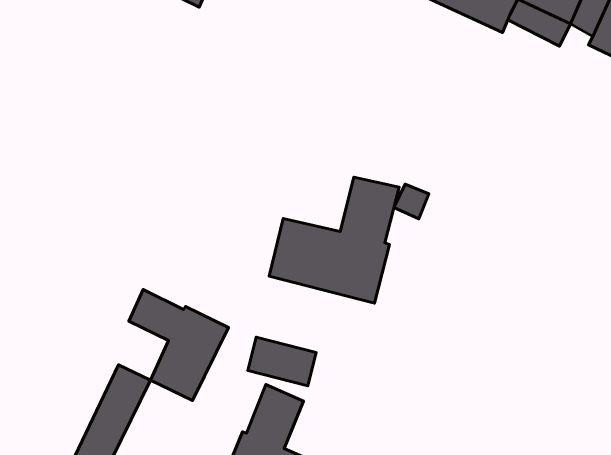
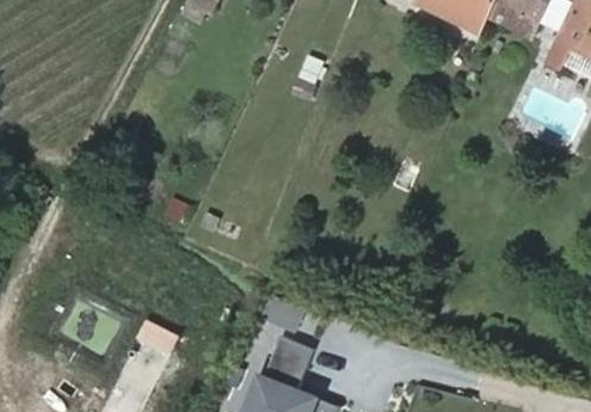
building: [269,177,399,303] -> none
building: [129,289,228,400] -> none

